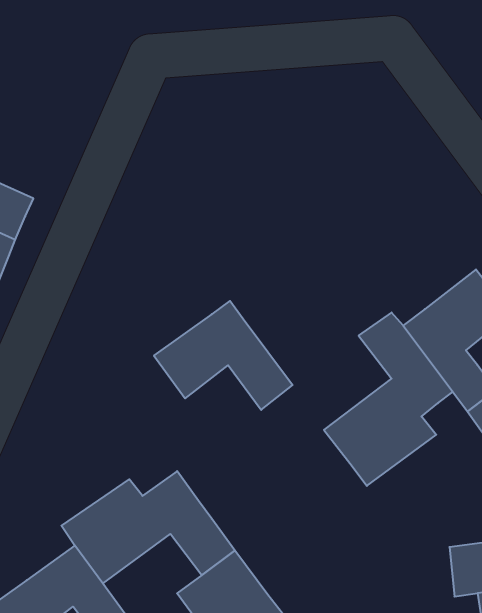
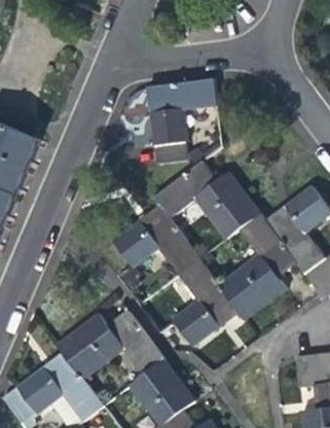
building: none -> [149,77,219,160]
building: none -> [152,158,260,238]
building: none -> [172,256,235,342]

